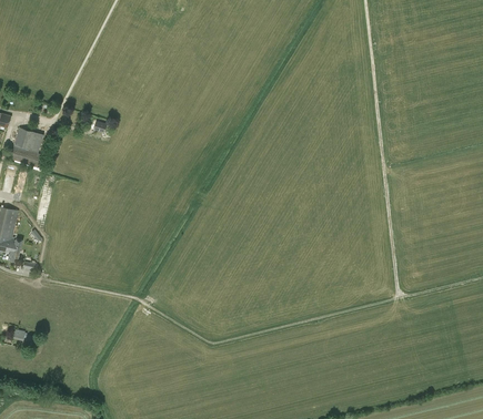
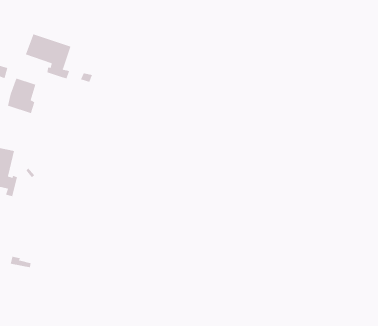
building: none -> [25,33,71,79]

